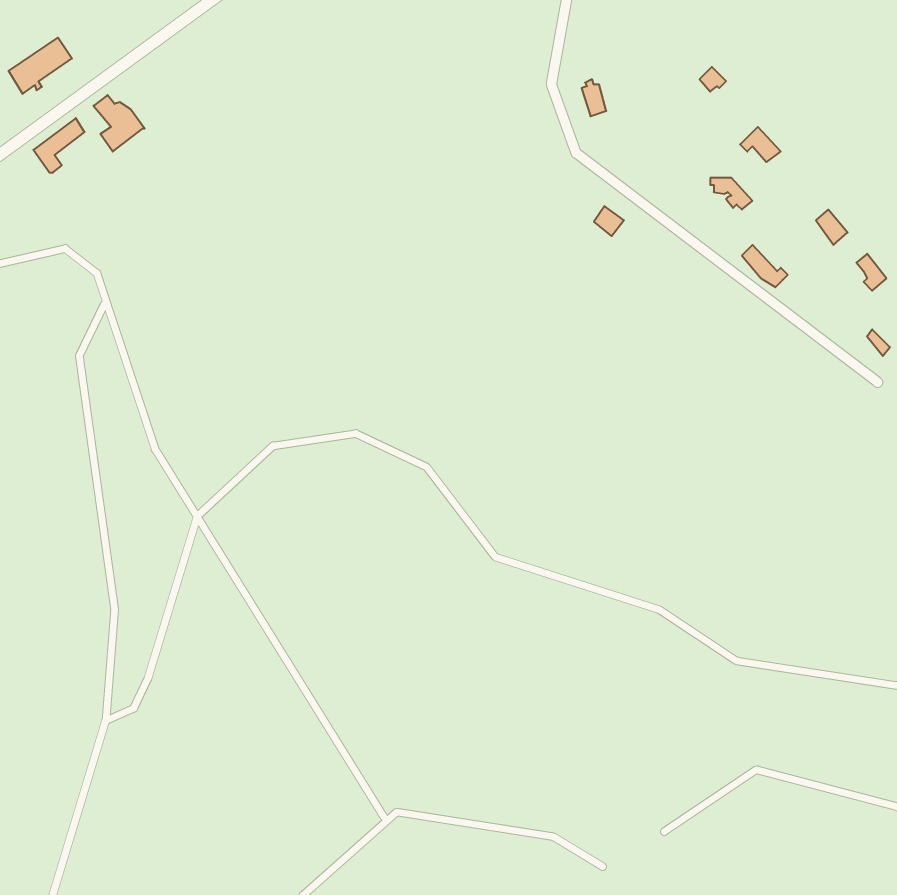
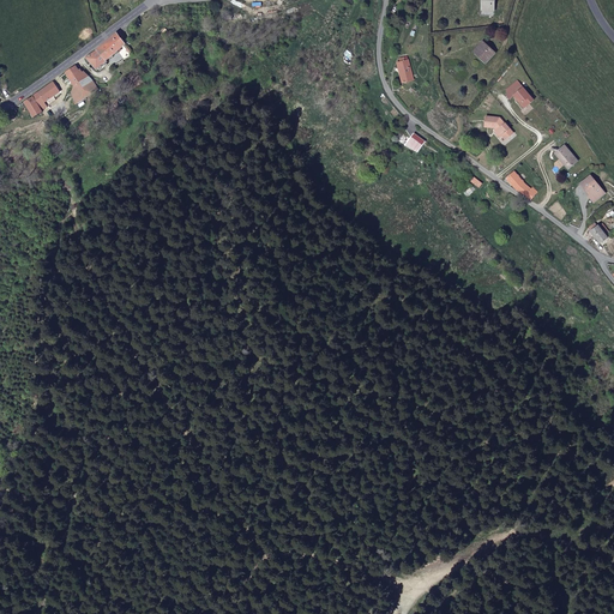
building: [8,38,72,94] -> [84,31,127,70]

